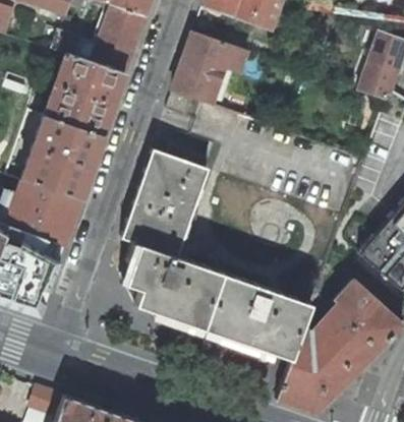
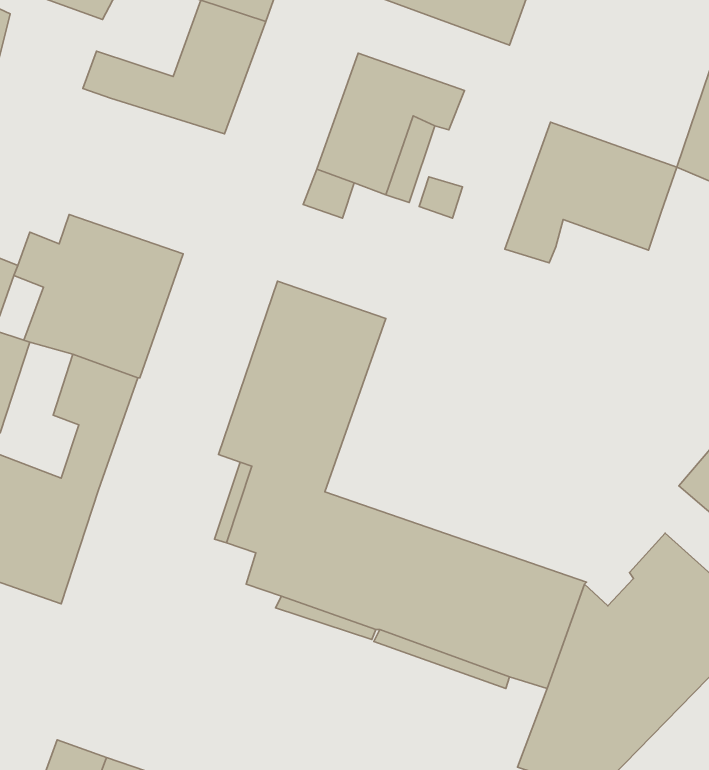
building: [45,48,125,134] -> none
building: none -> [505,122,677,263]

